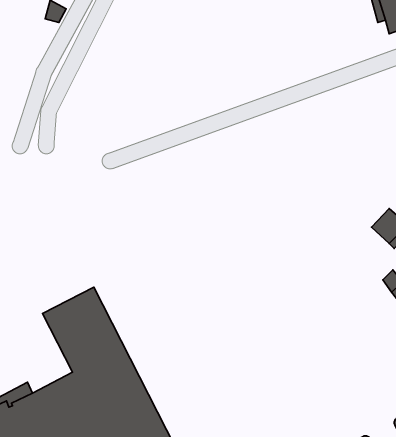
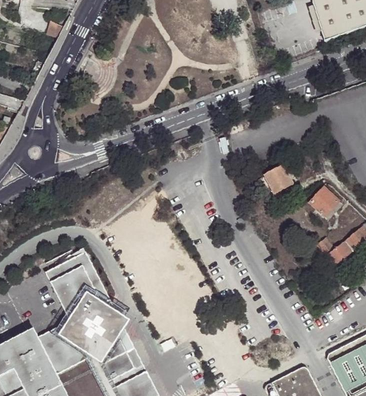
building: none -> [263,164,290,192]

